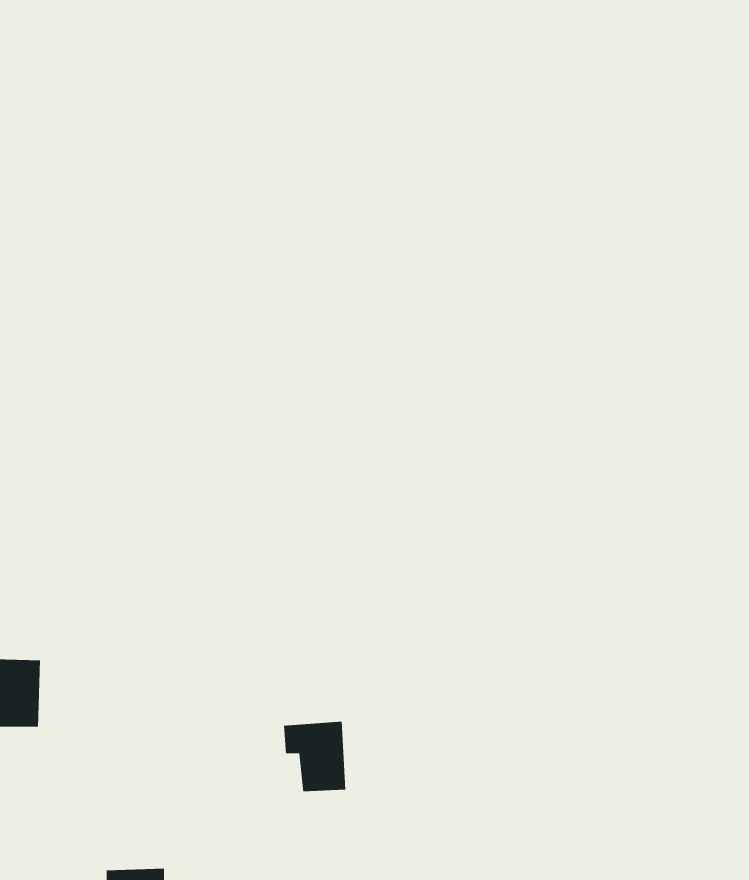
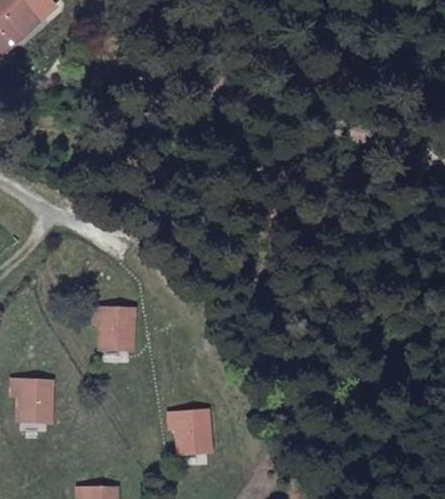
building: none -> [101,306,132,344]

